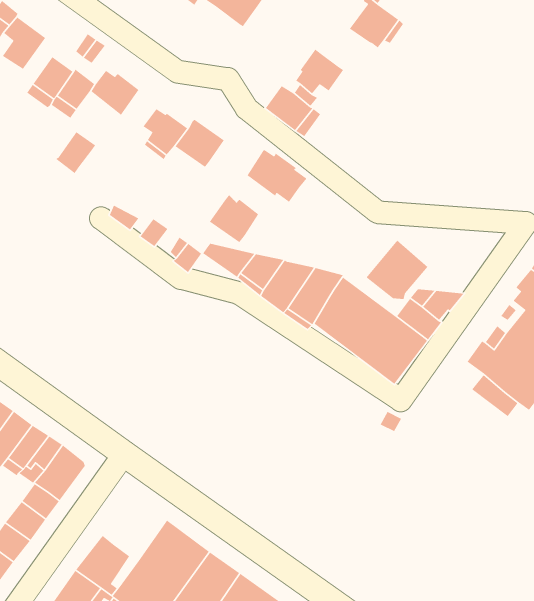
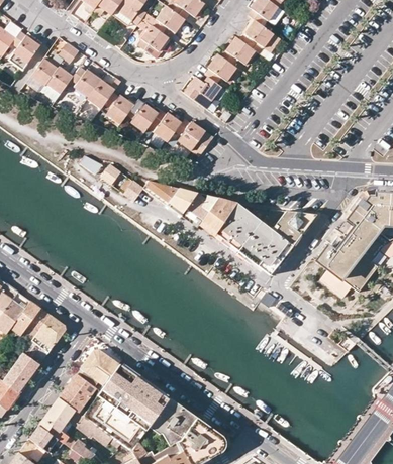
building: none -> [138,25,168,57]
building: none -> [221,36,255,65]
building: [55,131,96,174] -> [87,80,114,108]
building: [209,194,259,243] -> [148,109,181,141]
building: [365,239,428,300] -> none
building: none -> [81,349,119,390]

